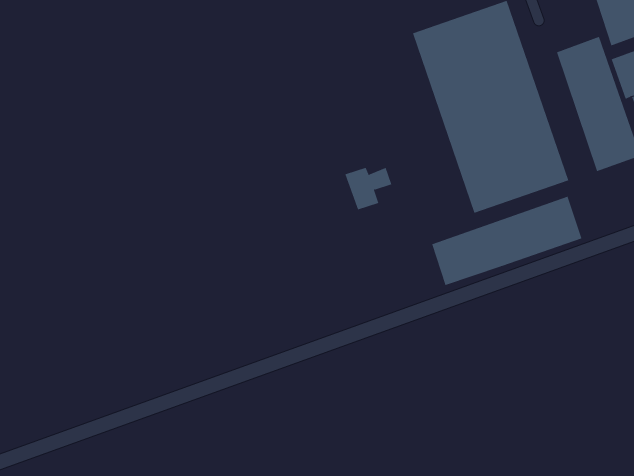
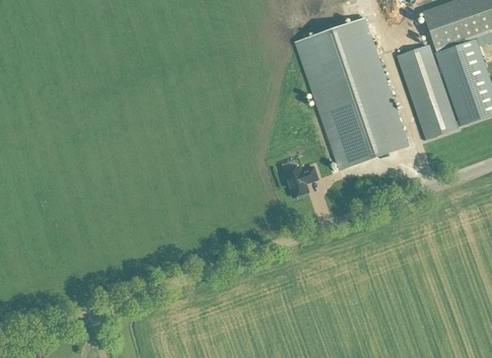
building: [345,167,392,210] -> [284,166,318,197]
building: [432,196,582,286] -> none

